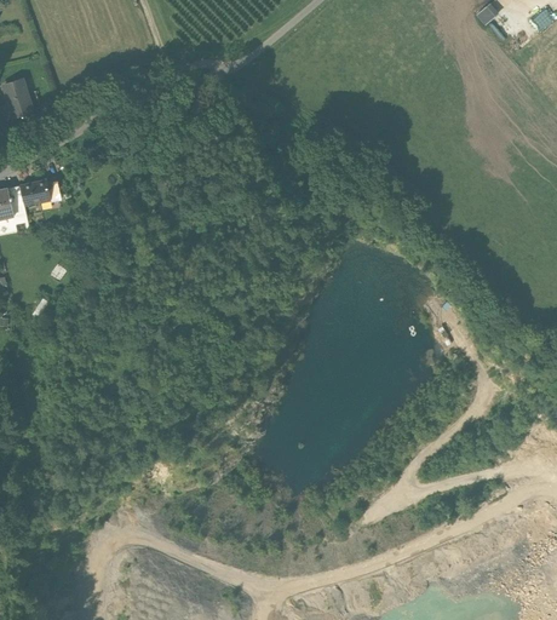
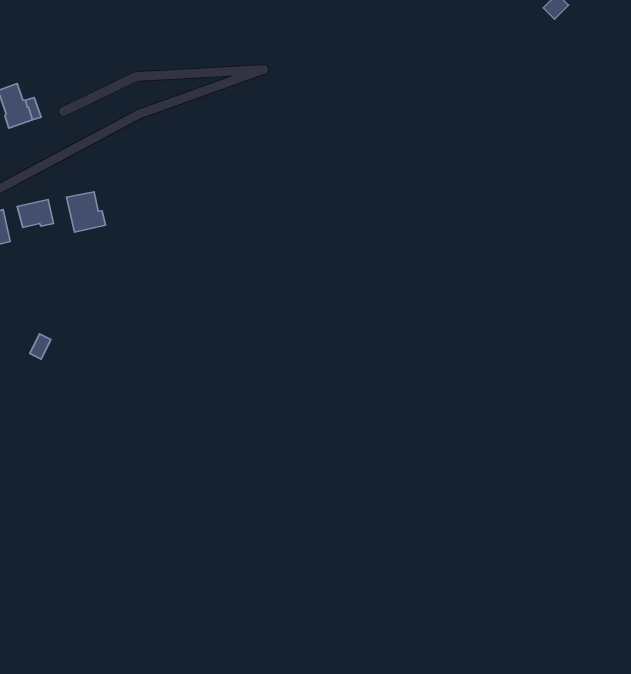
building: none -> [67,192,105,232]

